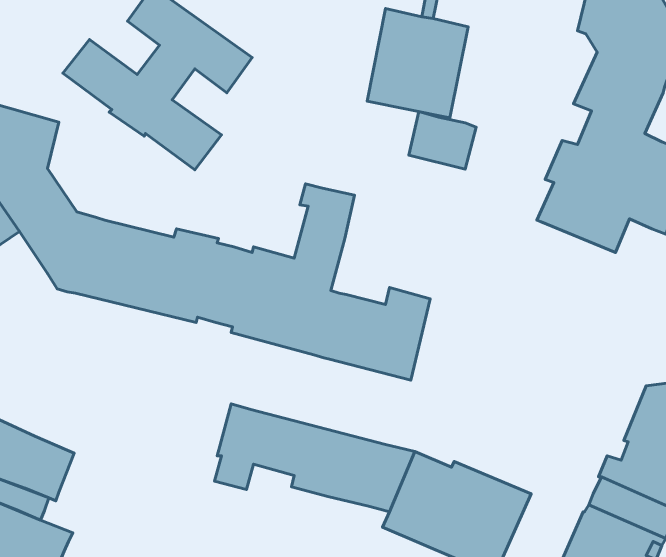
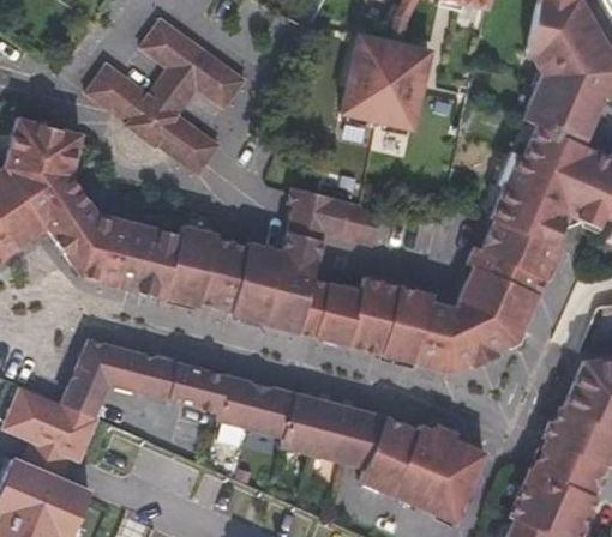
building: [409,112,476,169] -> [326,198,384,247]
building: none -> [383,221,558,373]
building: none -> [61,340,229,418]

